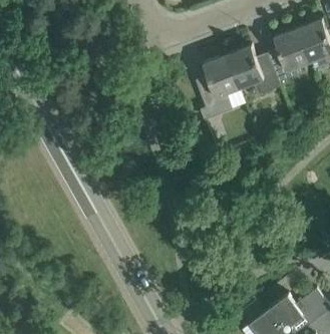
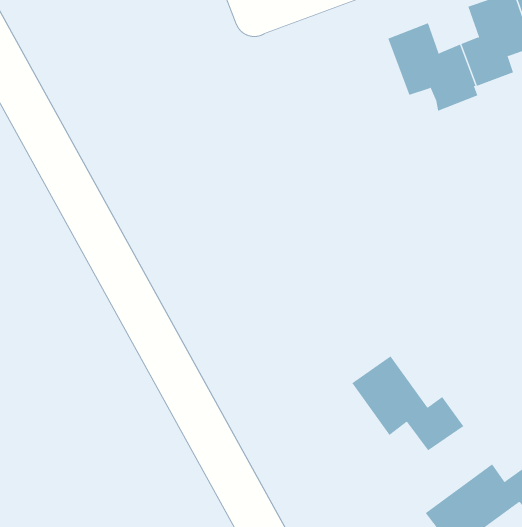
building: [199,53,242,118] -> none
building: none -> [352,356,464,451]

